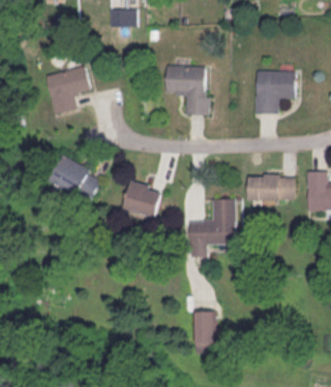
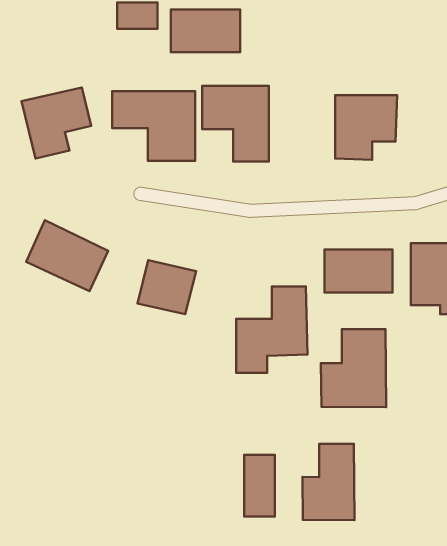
building: none -> [171,10,240,52]
building: none -> [112,91,195,161]
building: none -> [321,329,386,407]
building: none -> [303,444,354,520]

